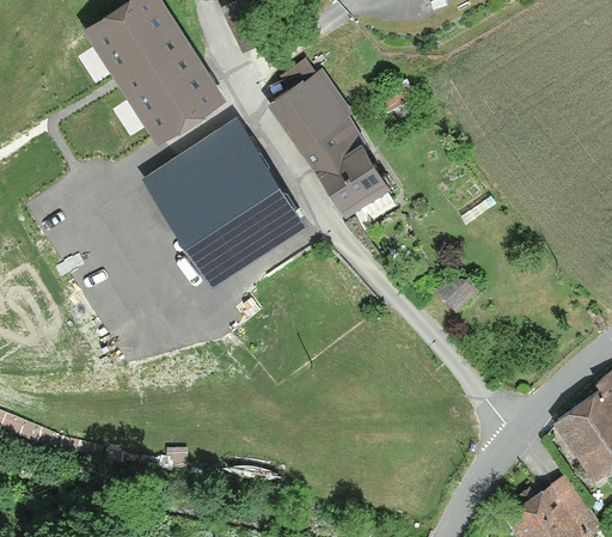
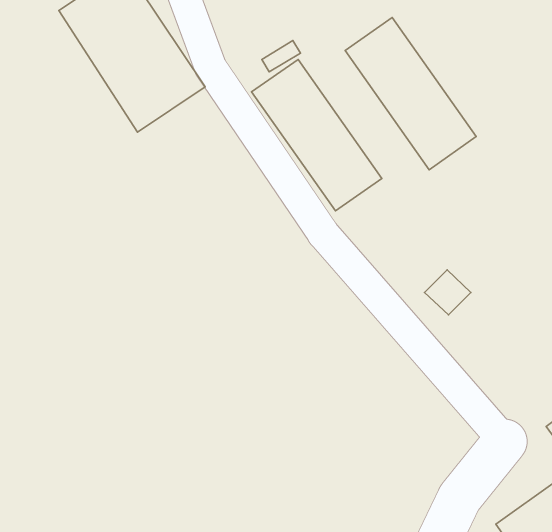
building: none -> [345,17,476,170]
building: [148,123,302,282] -> none

